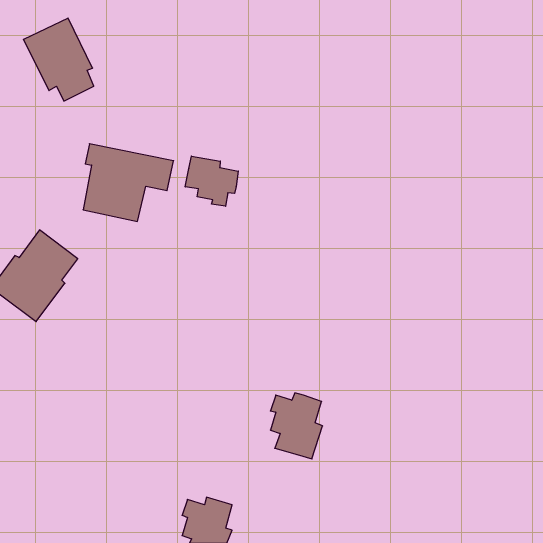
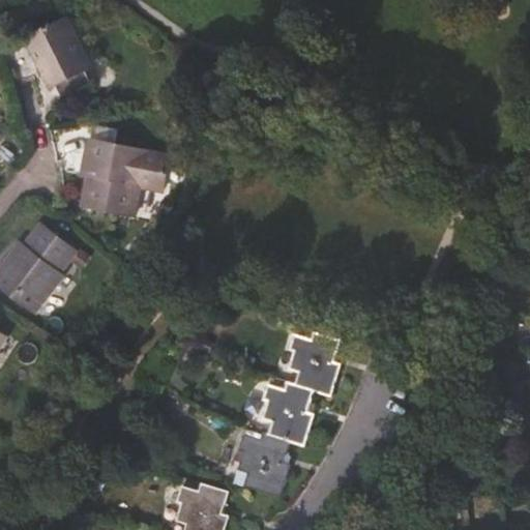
building: [185,156,238,206] -> none
building: none -> [290,331,340,395]
building: none -> [238,434,289,496]

